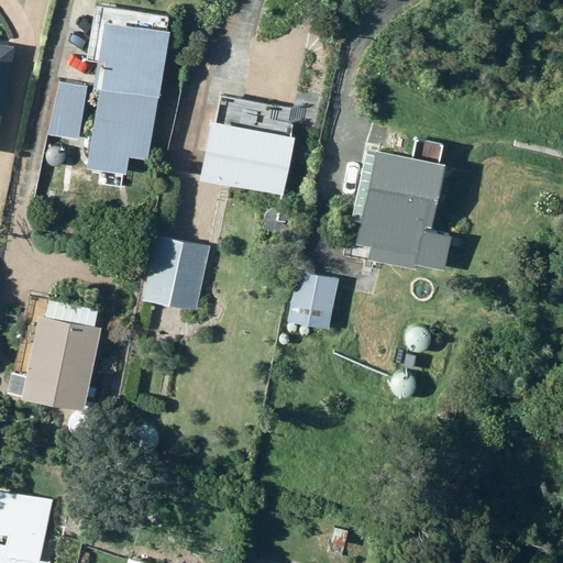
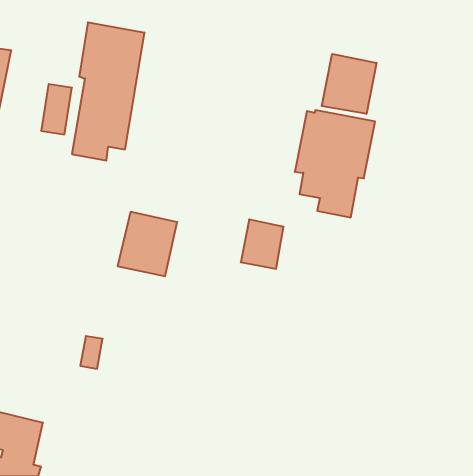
building: none -> [322,54,377,114]
building: [196,115,294,192] -> none
building: [7,308,100,419] -> none

